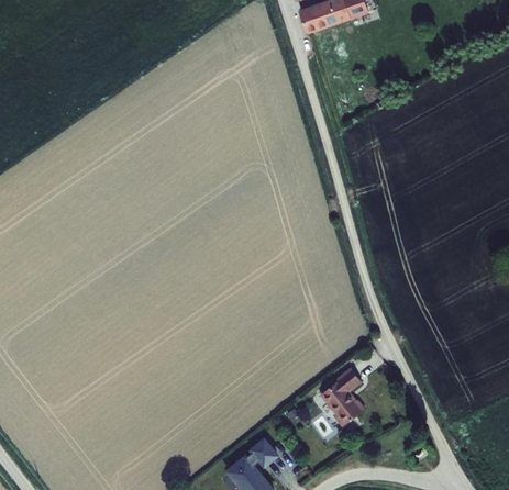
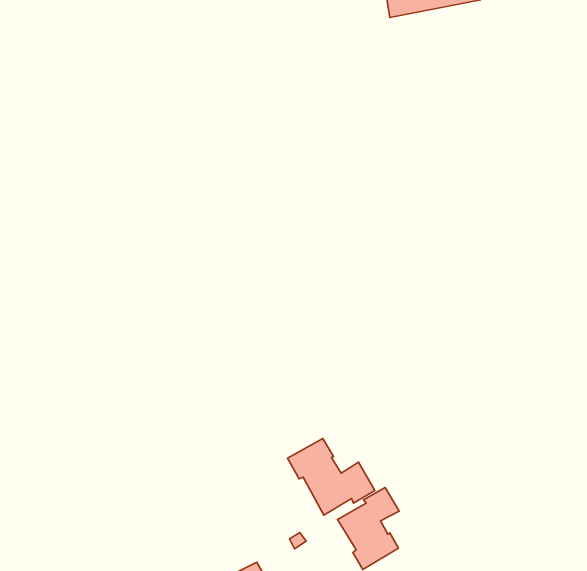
building: none -> [287,438,375,515]

